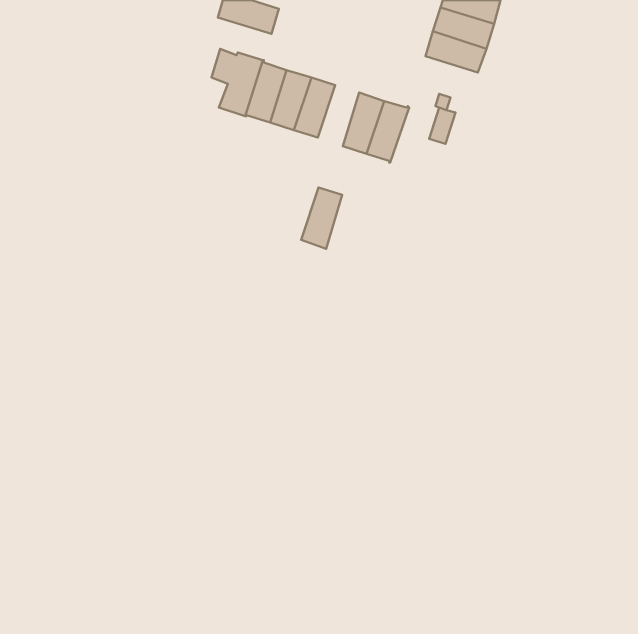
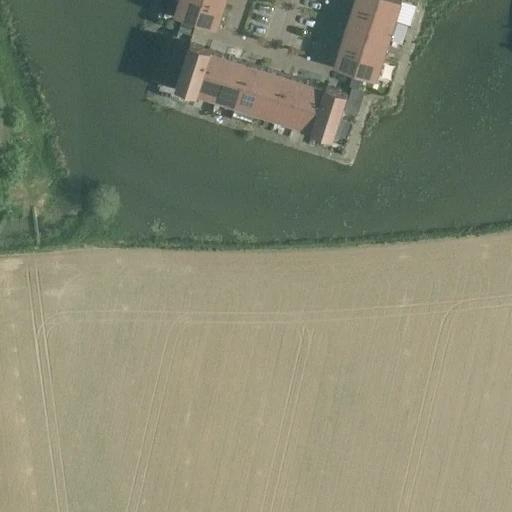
building: none -> [333,49,382,83]
building: none -> [312,90,347,141]
building: [301,187,342,249] -> [254,72,287,121]

